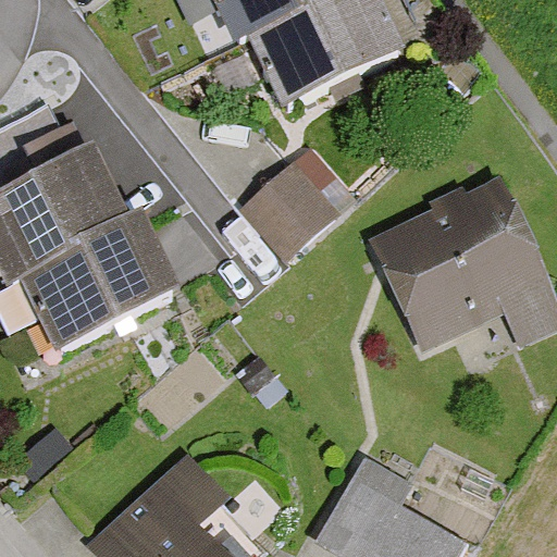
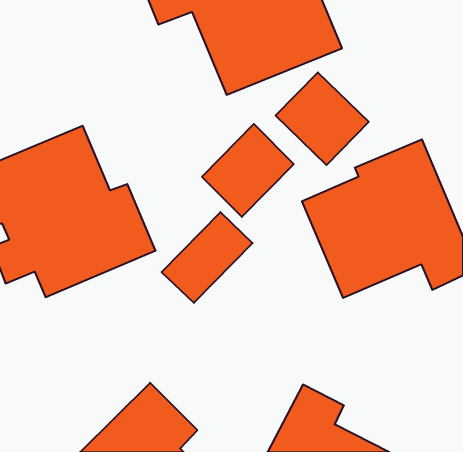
building: none -> [276,72,369,165]
building: none -> [162,212,253,303]

